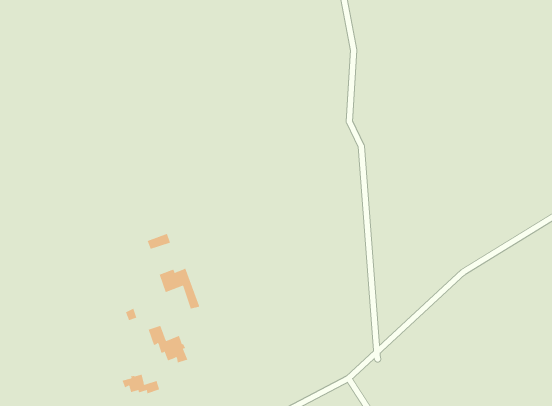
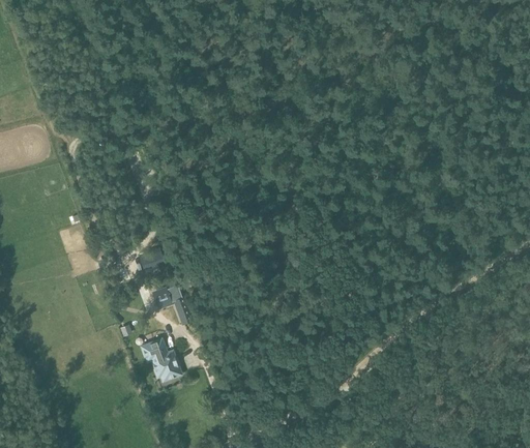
building: [122,374,160,394] -> none

